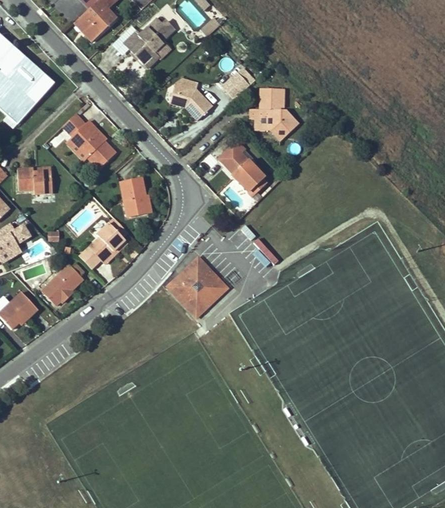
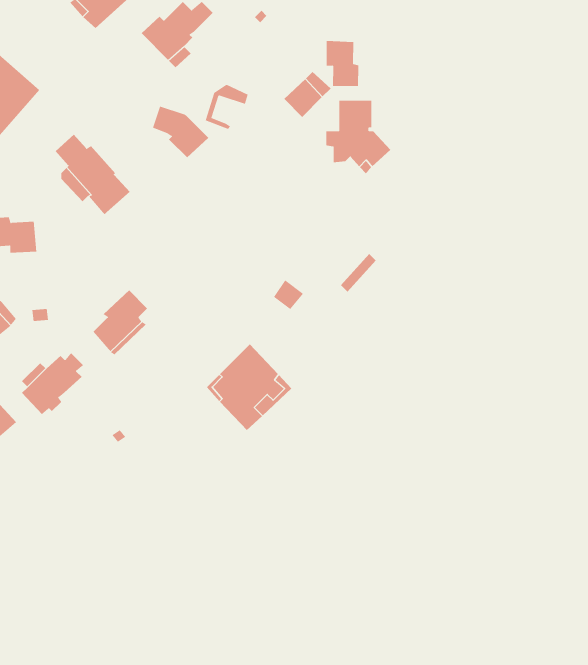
building: none -> [326,40,359,87]
building: [172,86,211,122] -> [152,106,209,158]
building: [218,141,265,192] -> none
building: [122,178,143,216] -> none

